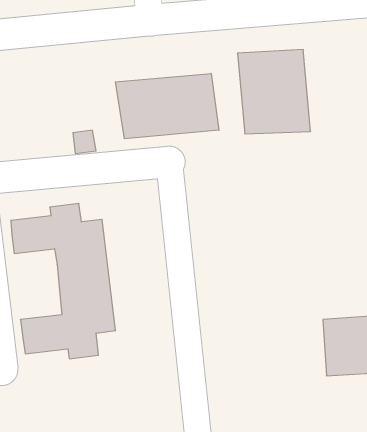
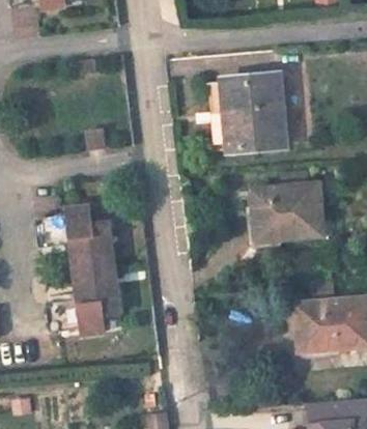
building: [115,73,219,139] -> none
building: none -> [254,180,323,237]

